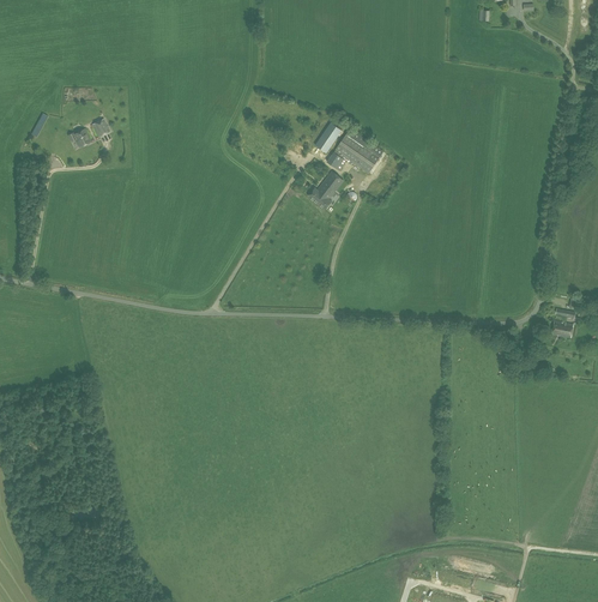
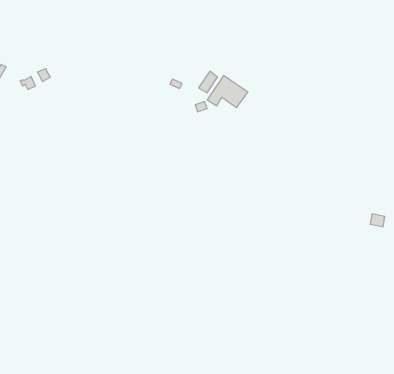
building: [307,171,342,210] -> none

